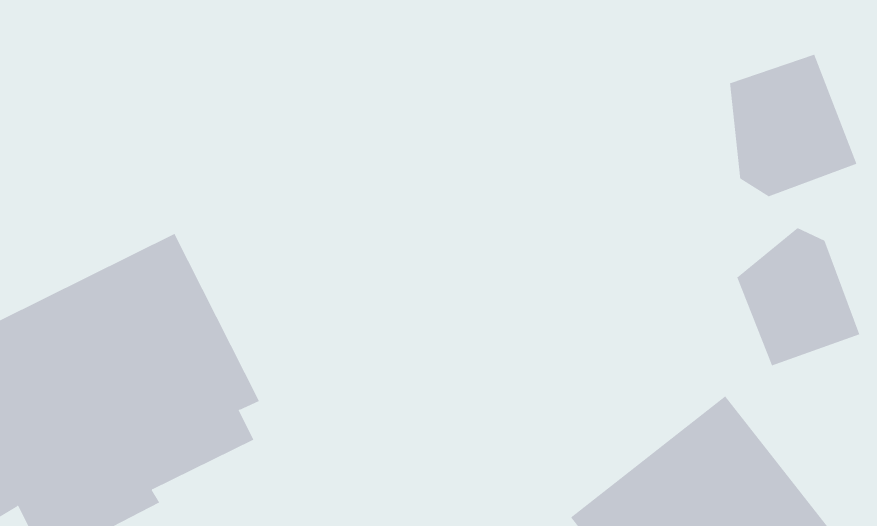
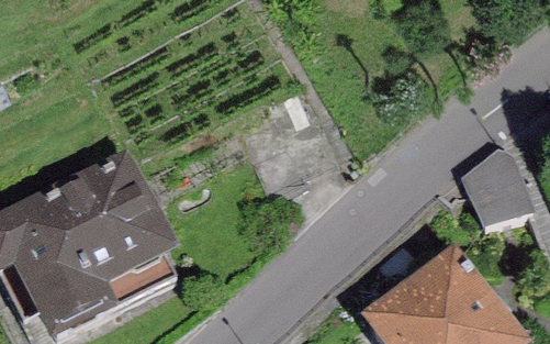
building: [730,54,857,197] -> none

